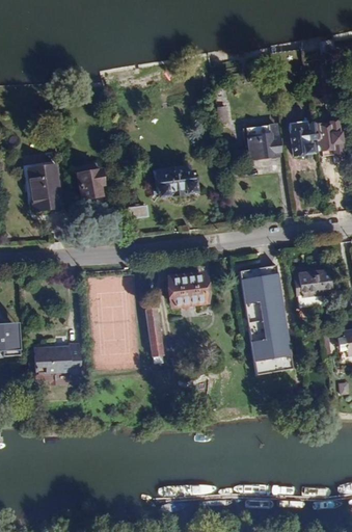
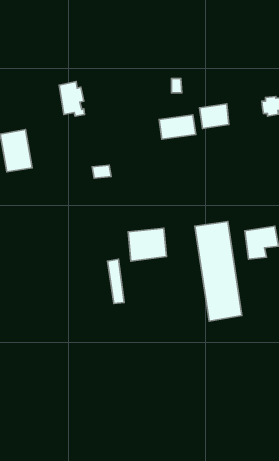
building: [291,124,316,153] -> none
building: [75,161,103,200] -> [59,81,85,116]
building: [154,164,194,191] -> [159,115,196,139]
building: [35,343,83,372] -> none

